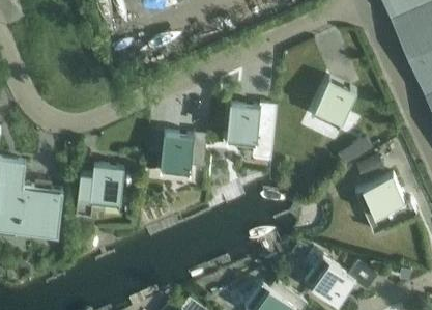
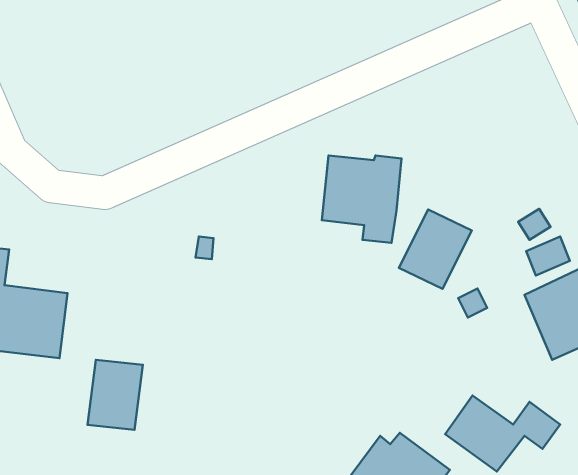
building: [310,79,356,130] -> [399,210,472,289]
building: [159,134,206,178] -> none
building: [88,165,123,209] -> [88,360,143,430]

